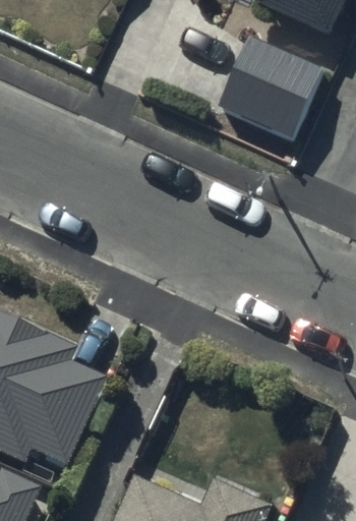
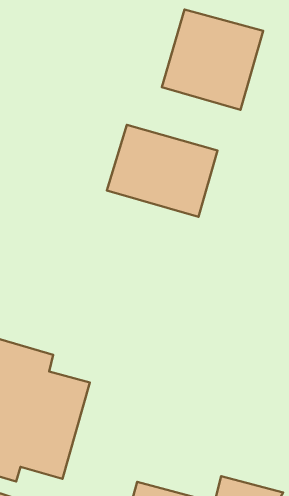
building: none -> [107,125,218,217]

